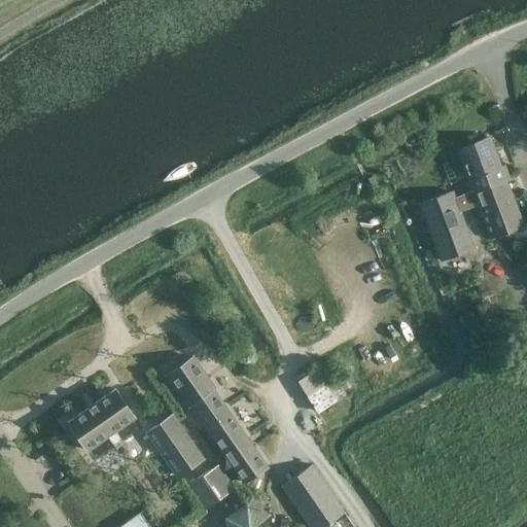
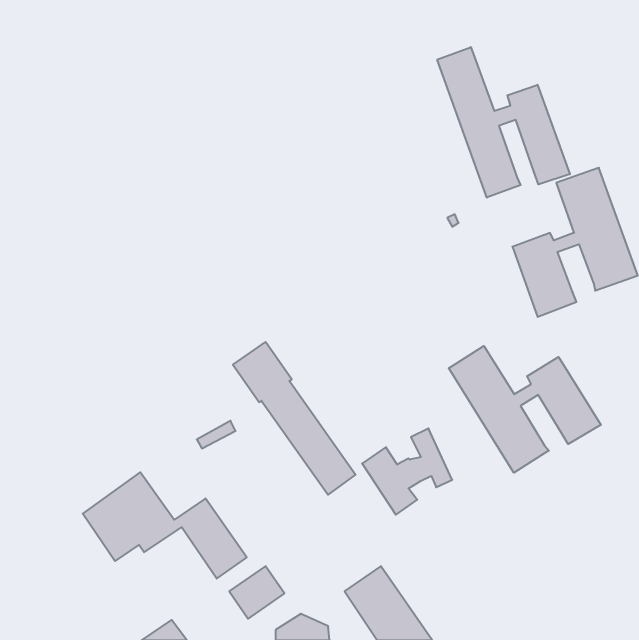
building: none -> [437,47,570,198]
building: none -> [449,346,601,473]
building: [168,356,269,482] -> [233,342,356,495]

